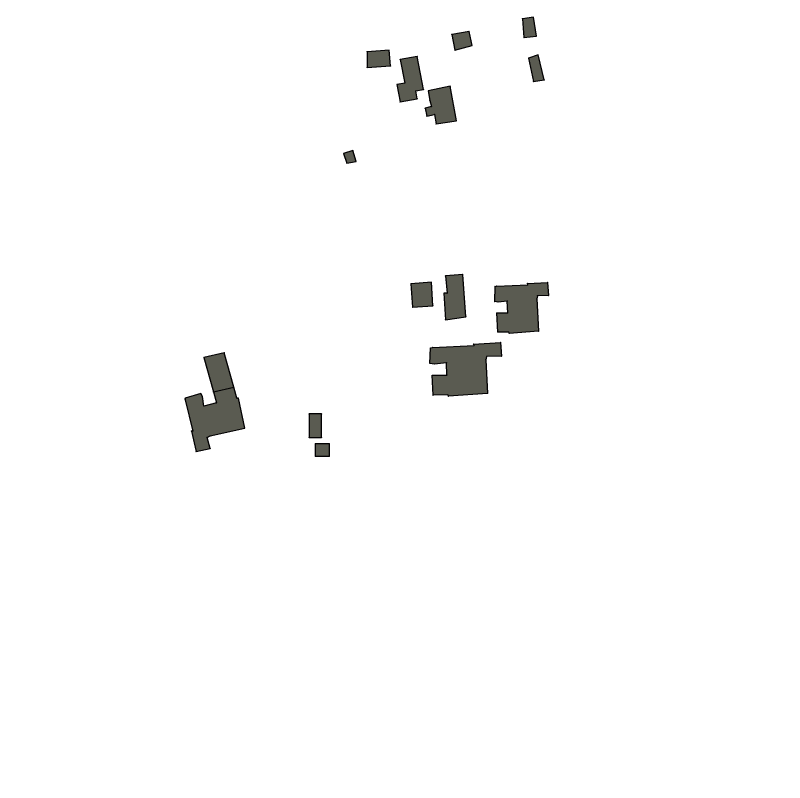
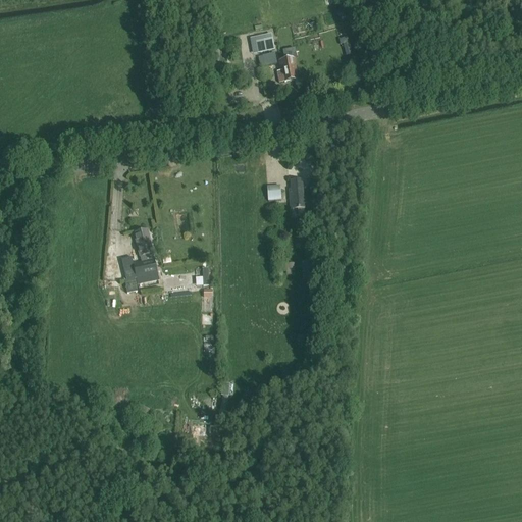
building: [495,282,548,333] -> none
building: [430,342,501,396] -> none

